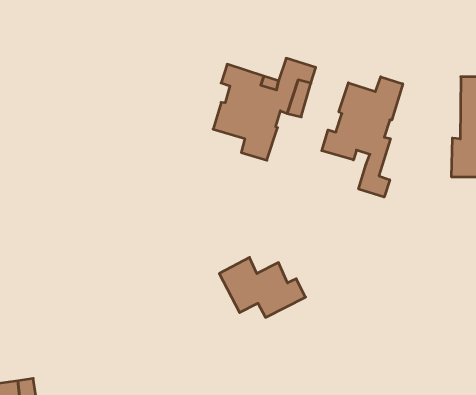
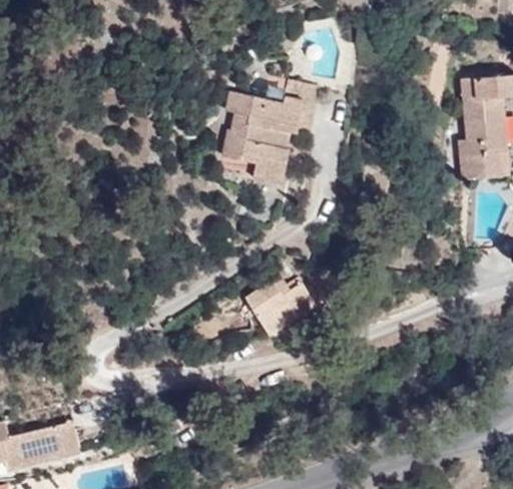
building: [322,77,403,197] -> none

